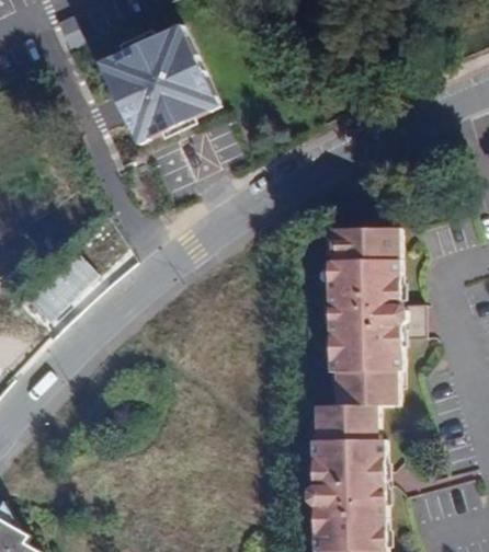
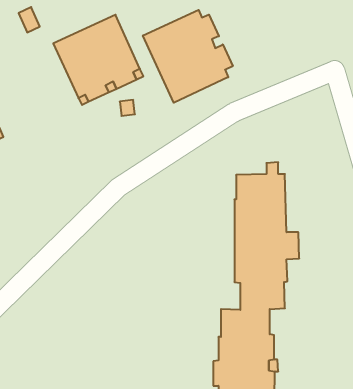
building: none -> [143,10,233,103]

